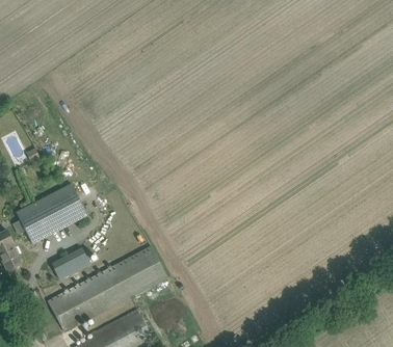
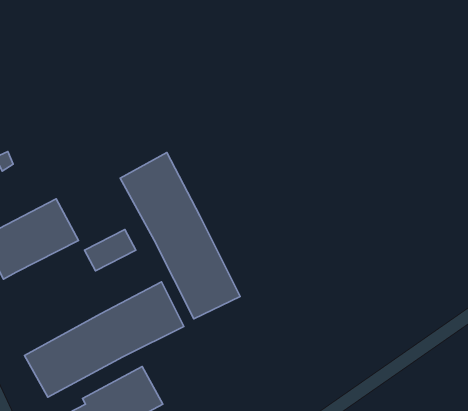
building: none -> [120,153,240,319]
building: [52,247,90,278] -> [85,229,136,271]

